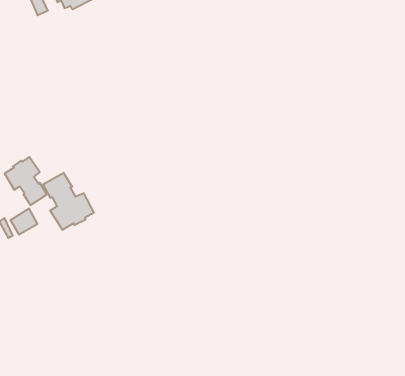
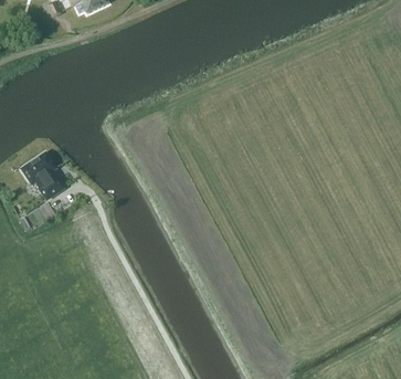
building: [43,173,94,230] -> none

